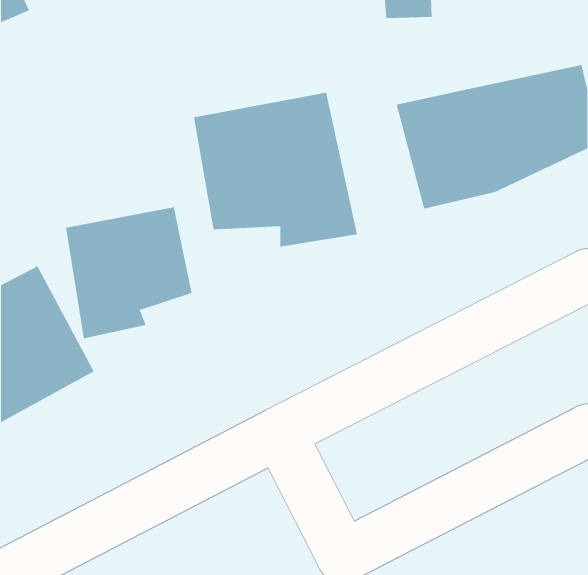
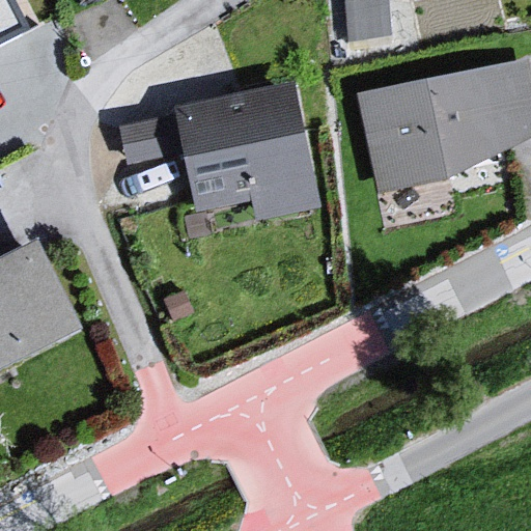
building: [65,207,192,339] -> none

